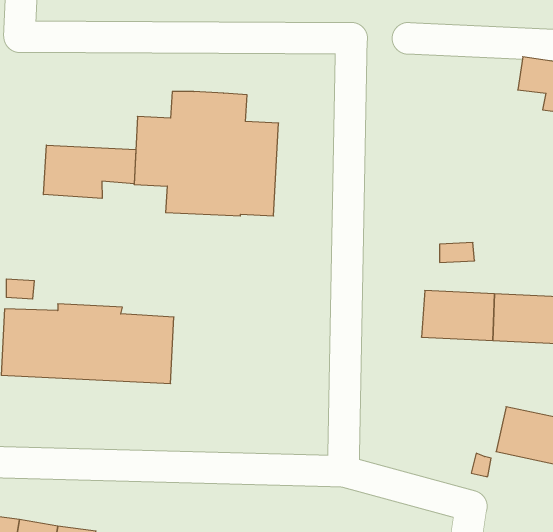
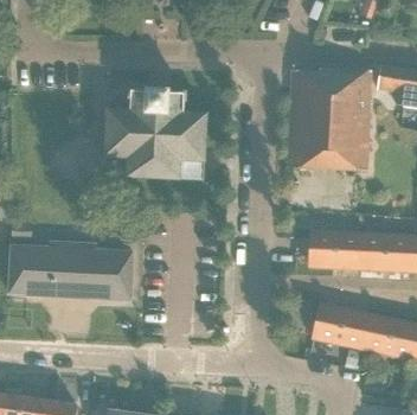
building: none -> [287,69,371,170]
building: [43,145,136,198] -> none
building: none -> [313,305,370,347]

